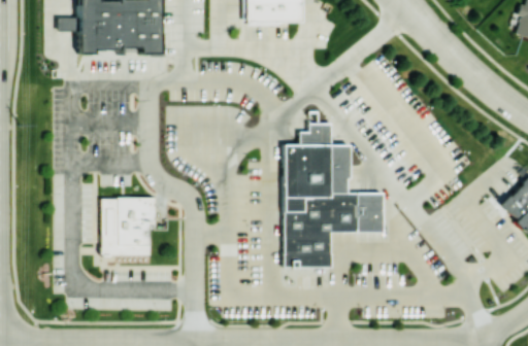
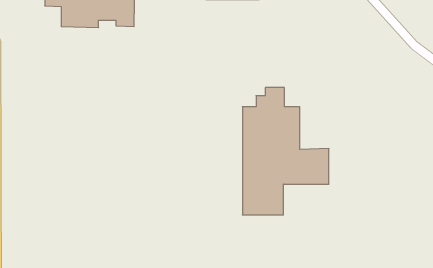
building: [102,197,156,254] -> none

